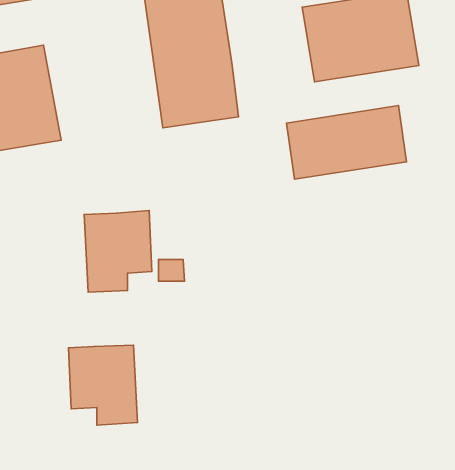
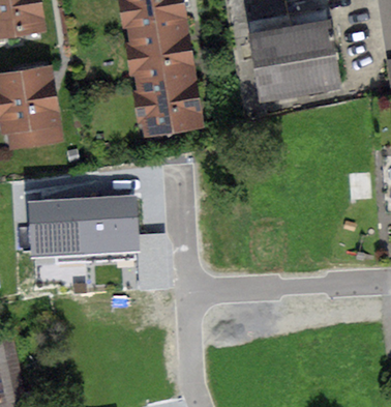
building: [286,106,407,179] -> none
building: [69,345,138,425] -> [32,197,85,258]

